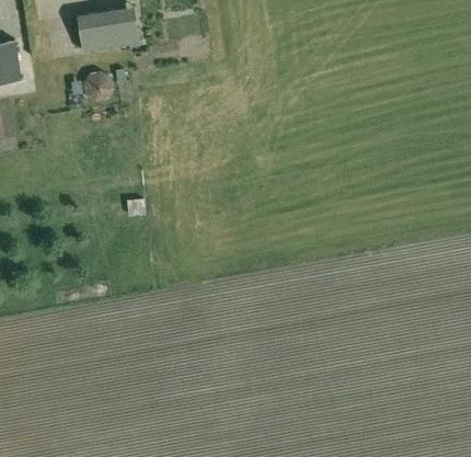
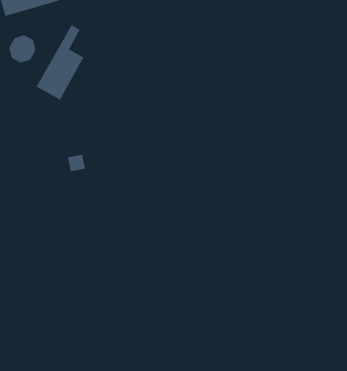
building: none -> [36,24,84,101]

